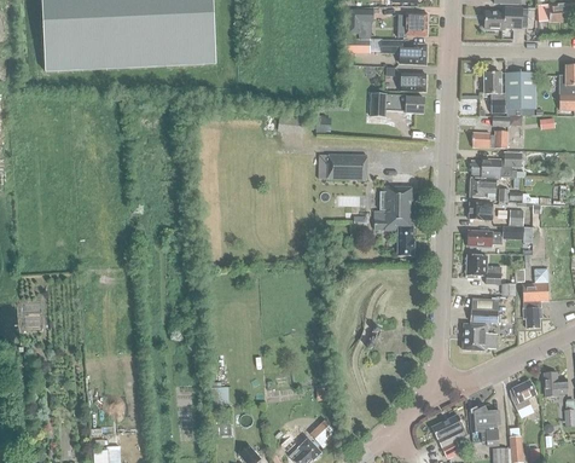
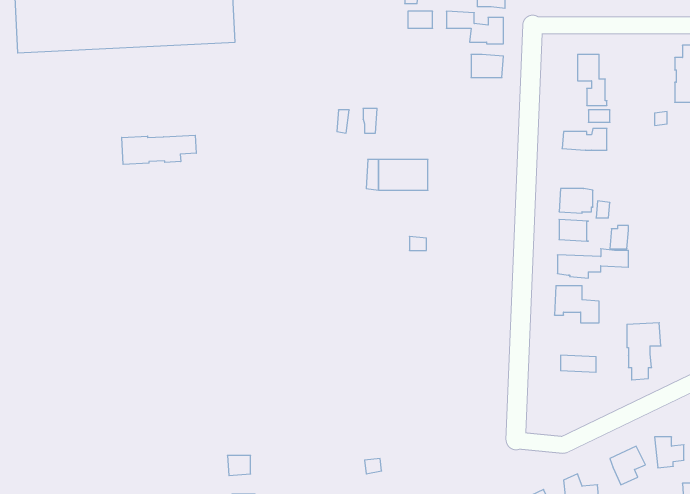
building: [504,70,534,108] -> none
building: [370,92,424,115] -> none
building: none -> [122,135,196,164]
building: [471,150,521,175] -> none
building: [373,186,414,254] -> none
building: [461,322,496,348] -> none

